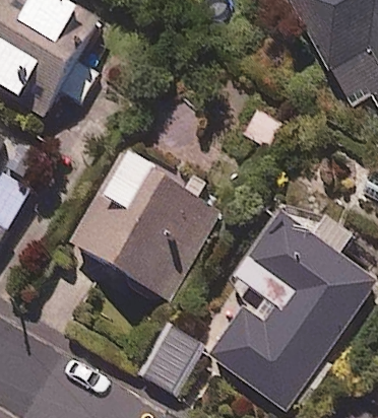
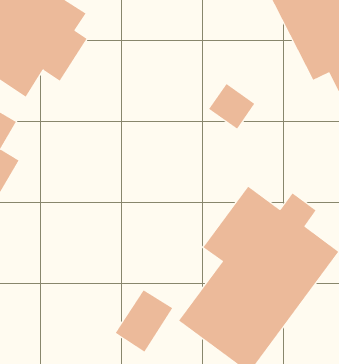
building: [68,151,219,294] -> none

